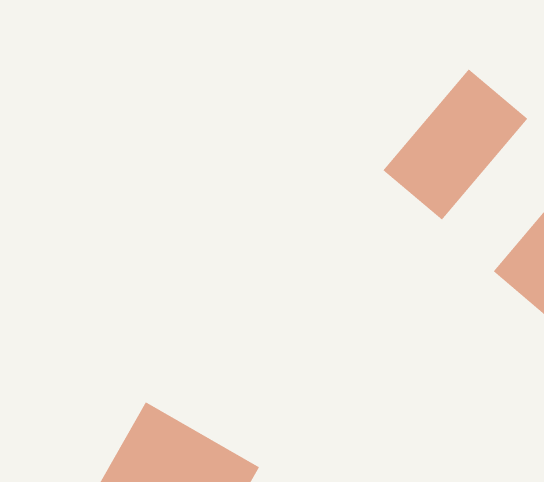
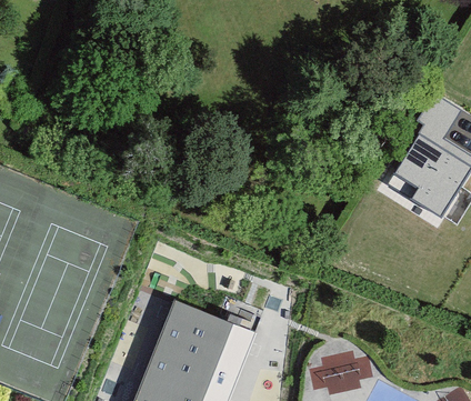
building: [383,69,528,221] -> none

